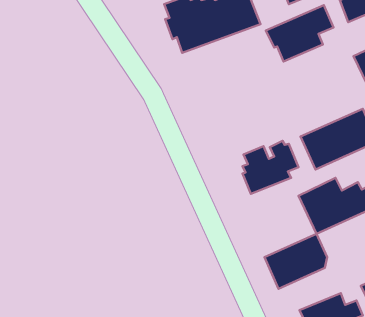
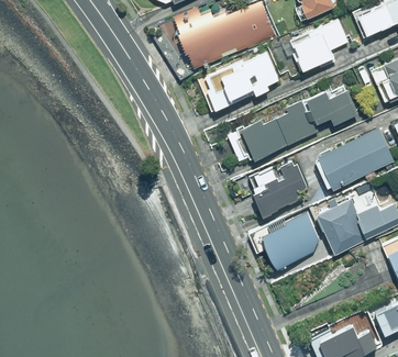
building: none -> [203,52,284,110]
building: none -> [228,89,358,163]
building: [265,234,327,289] -> [256,214,321,271]

